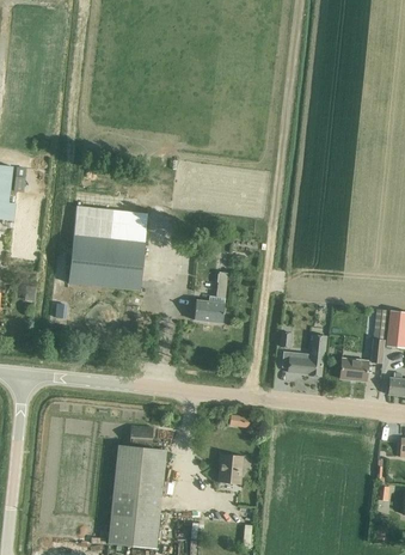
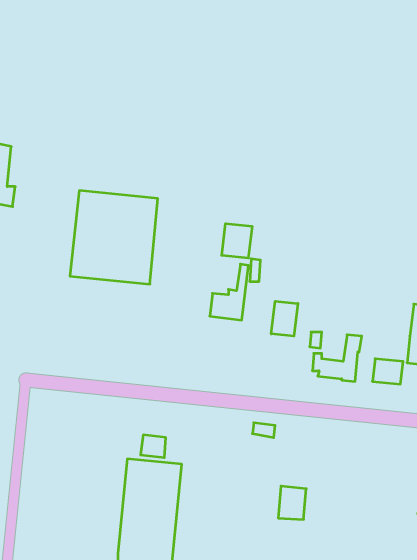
building: none -> [222,224,252,258]
building: none -> [271,301,298,336]
building: [219,455,244,484] -> [278,486,306,519]

